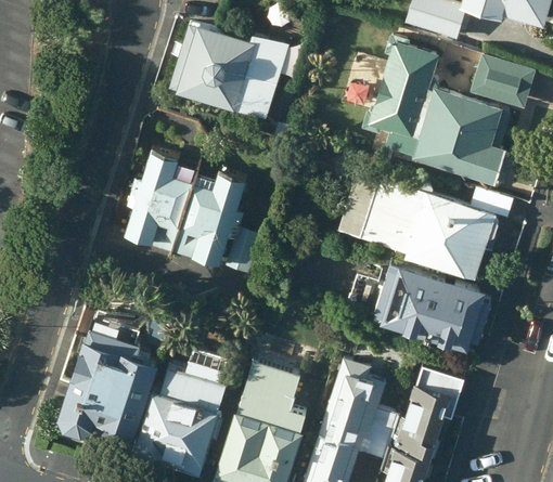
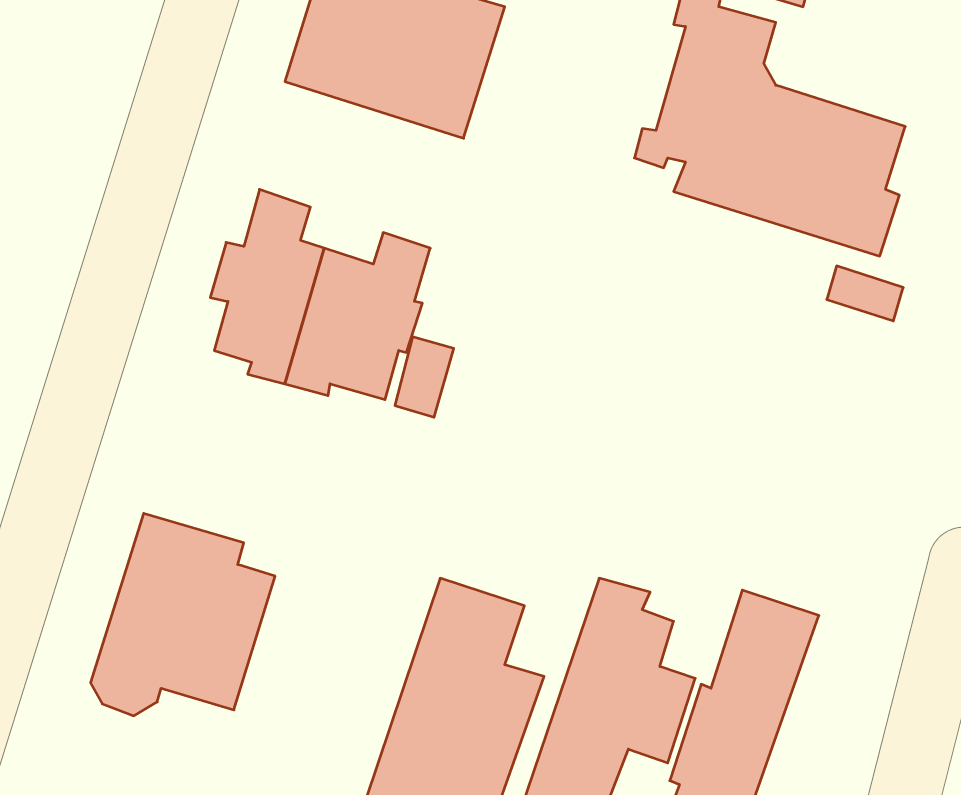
building: [467,54,532,109] -> none
building: [333,173,493,279] -> none
building: [375,264,494,348] -> none
building: [137,364,229,474] -> none

